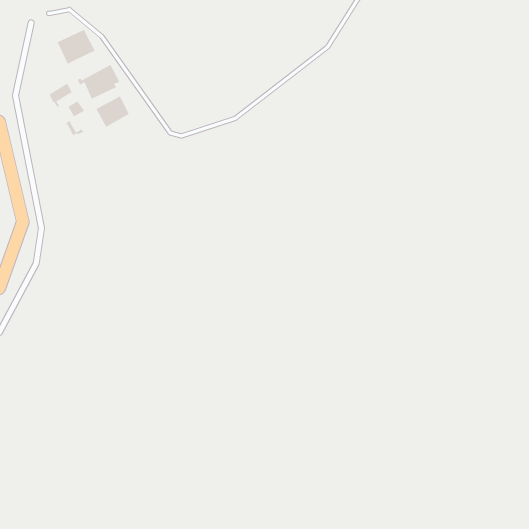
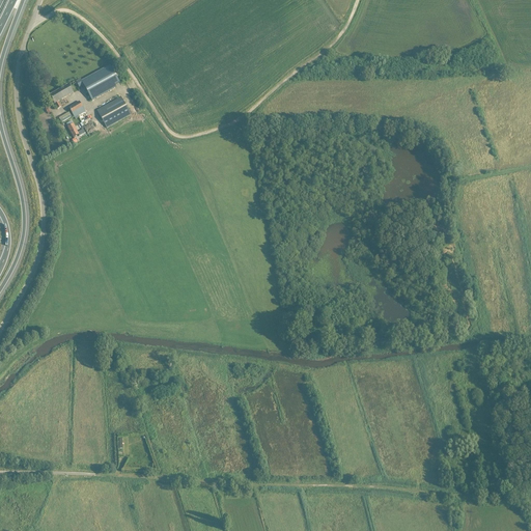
building: [57,29,95,65] -> none

